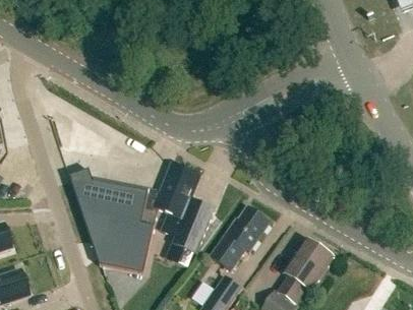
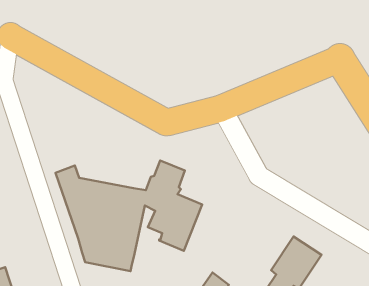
building: [211,205,270,268] -> none

